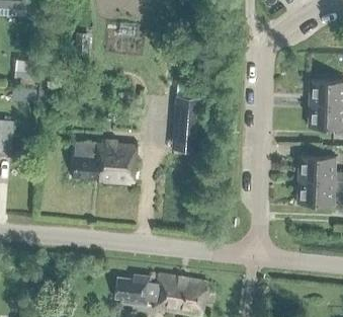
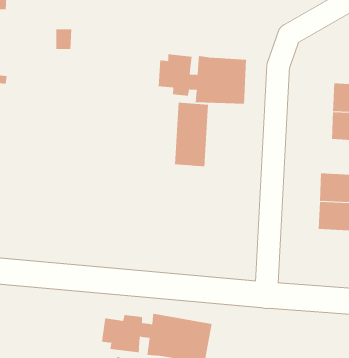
building: none -> [158,54,246,104]
building: [73,141,135,185] -> none

